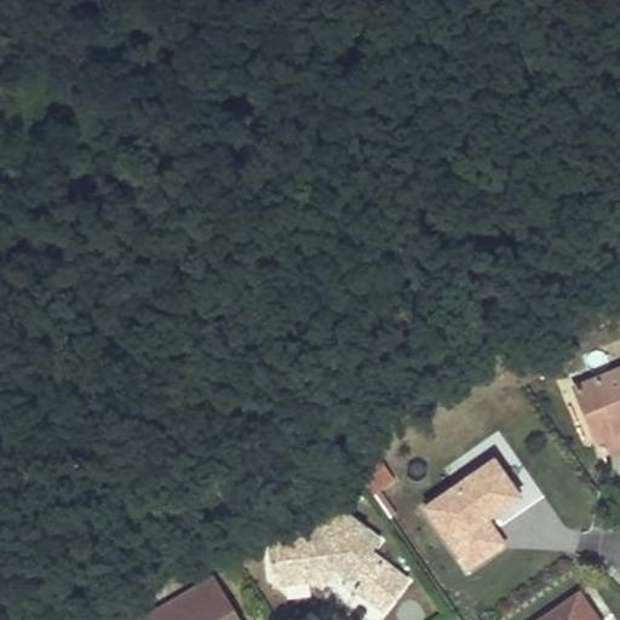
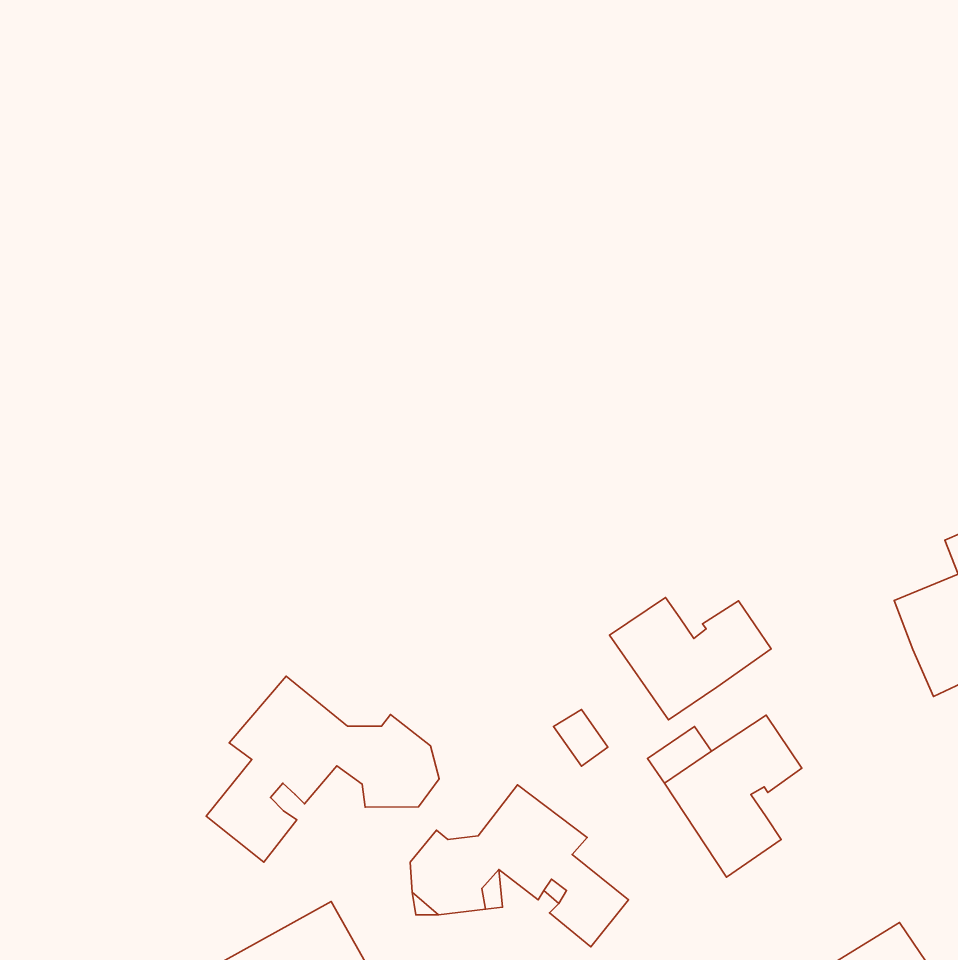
building: none -> [609,598,771,720]
building: none -> [206,676,439,862]

